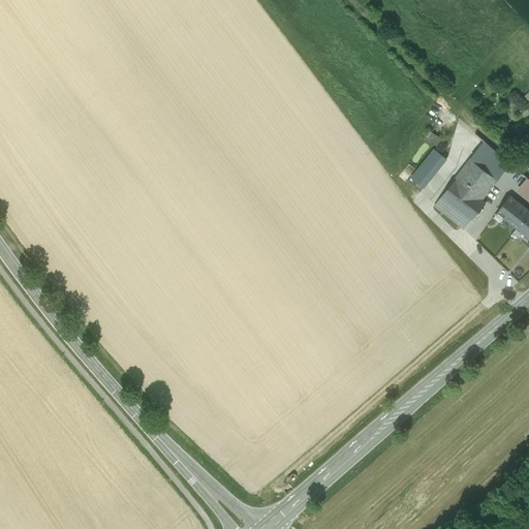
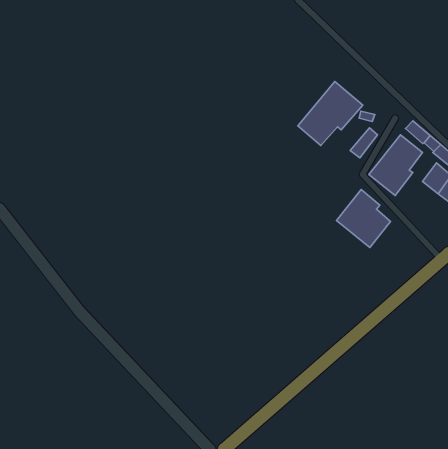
building: none -> [298,82,363,145]
building: none -> [336,189,390,247]

